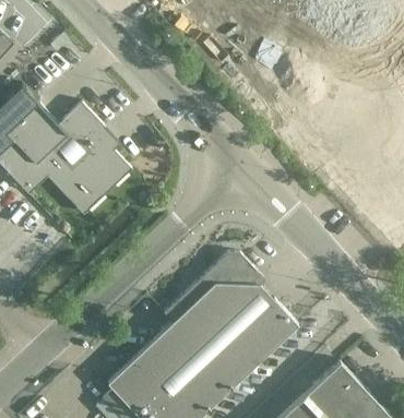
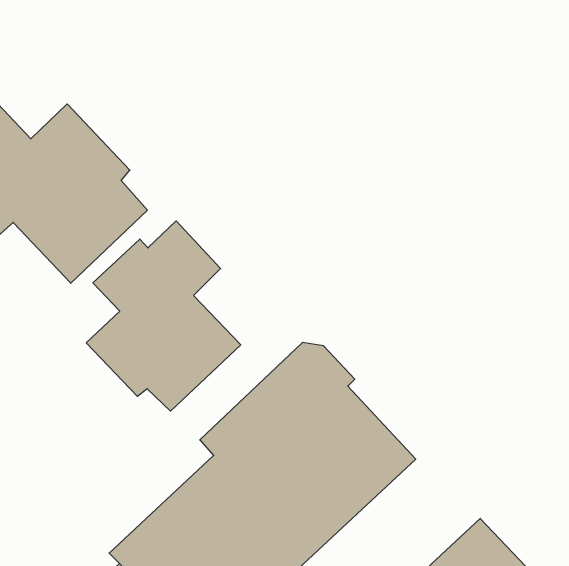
building: none -> [86,221,241,411]

